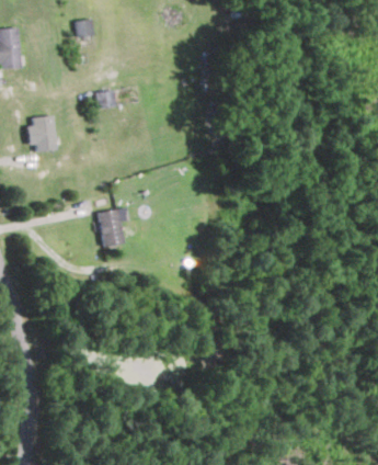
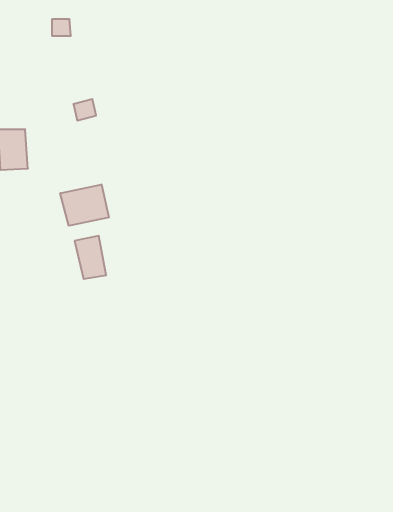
building: none -> [60,184,109,226]

